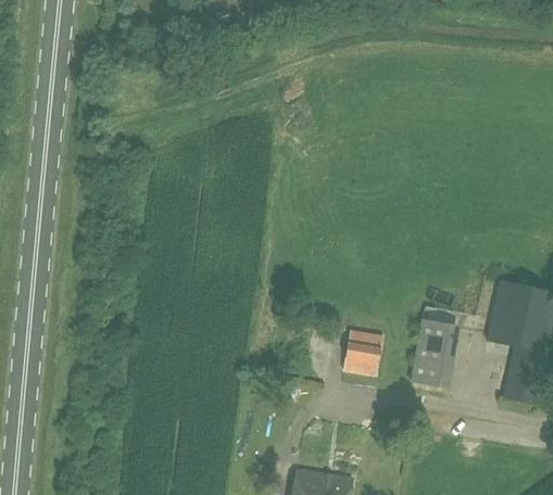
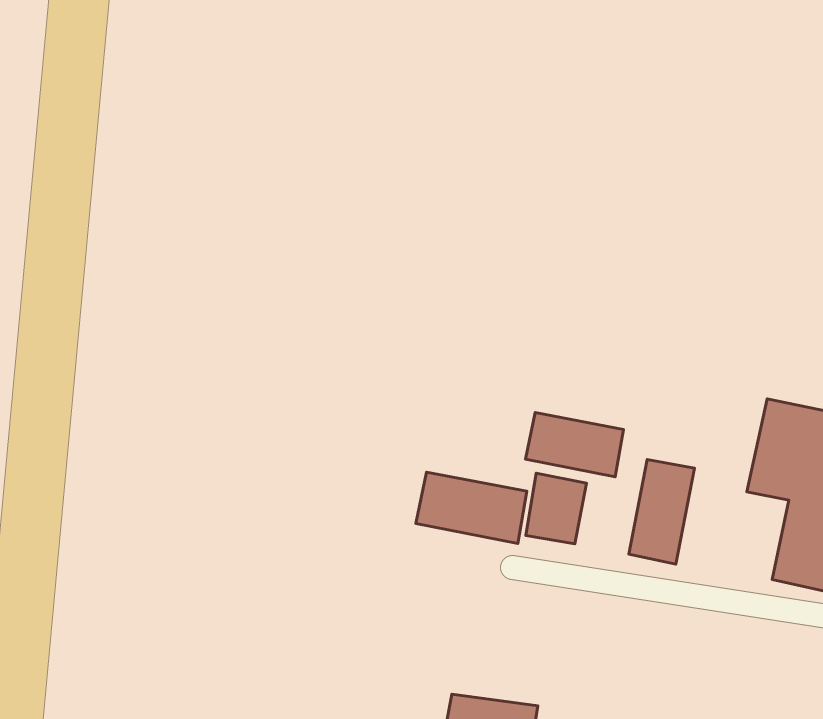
building: none -> [526,413,623,477]
building: none -> [416,472,527,543]

